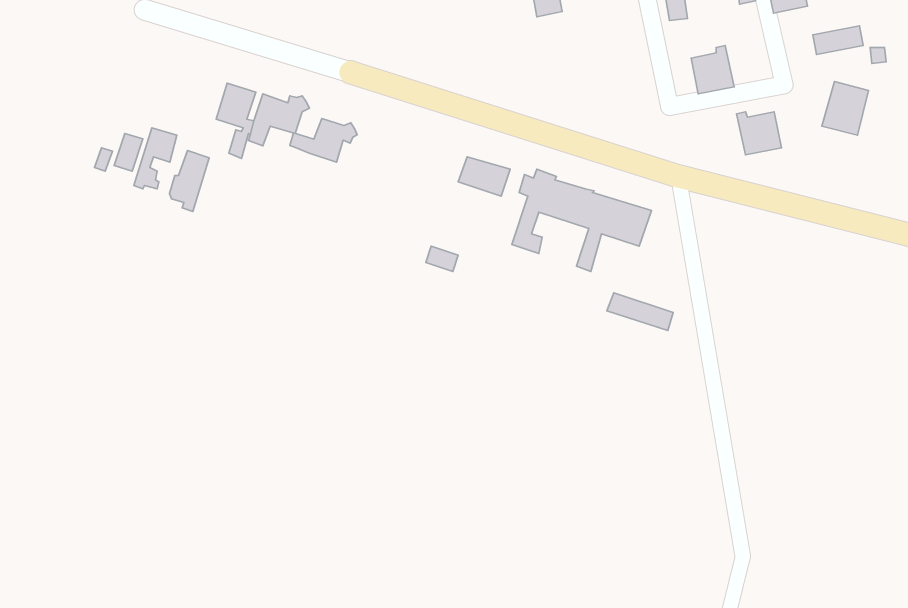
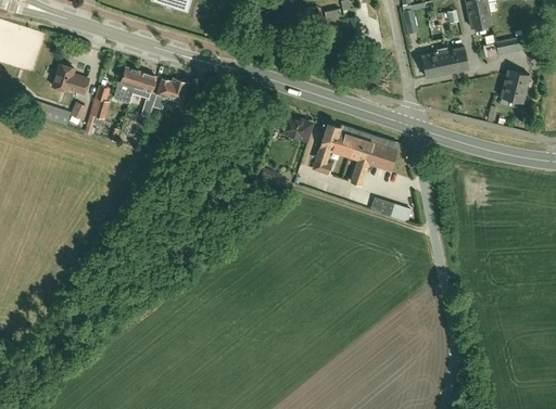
building: none -> [54,64,90,93]
building: [737,112,781,155] -> [442,47,469,73]
building: [290,118,357,162] -> none
building: [170,151,209,211] -> [116,66,140,103]

